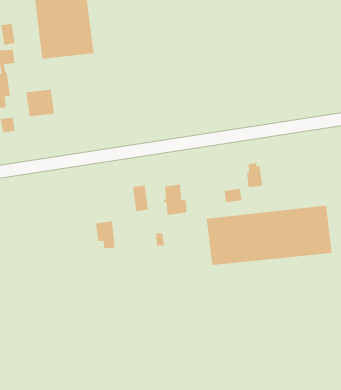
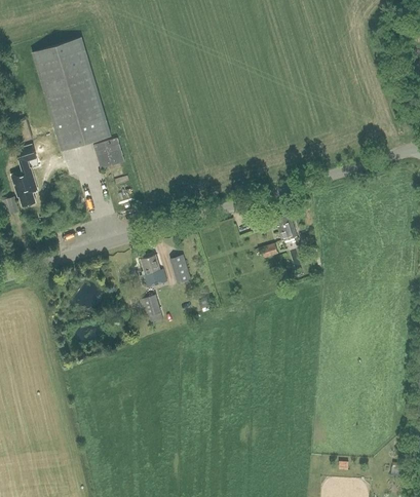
building: [26,89,55,117] -> [92,138,124,168]
building: [163,184,187,215] -> [140,254,166,286]
building: [206,205,332,266] -> none

